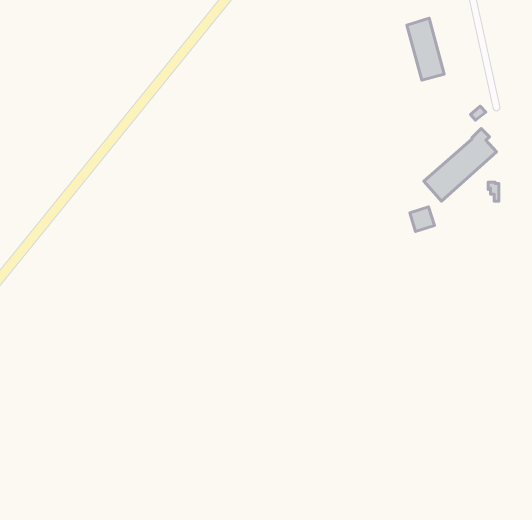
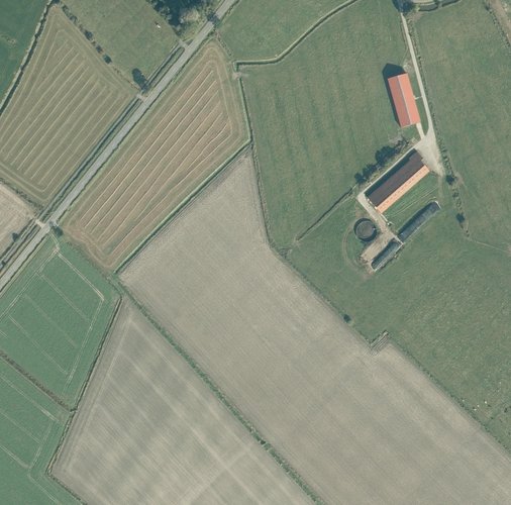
building: [407,18,444,80] -> [387,73,419,126]

